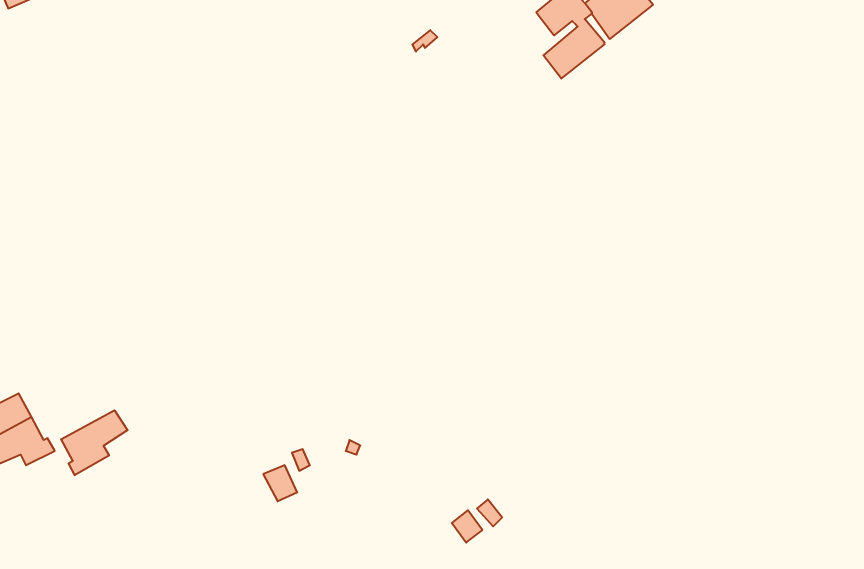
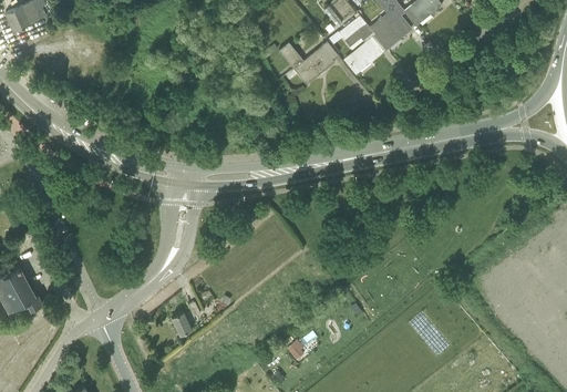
building: none -> [279,41,338,84]
building: [61,410,128,475] -> none

